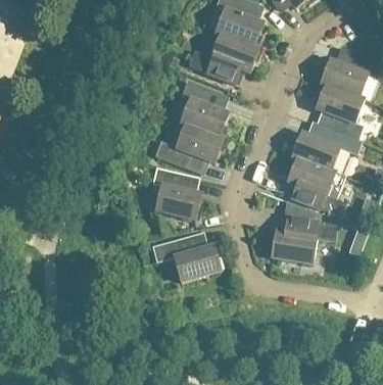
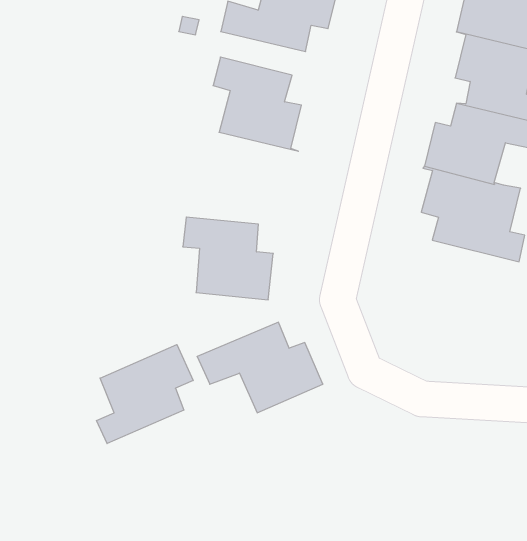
building: [154,123,223,175] -> none
building: [272,218,337,264] -> none
building: none -> [96,345,193,444]

